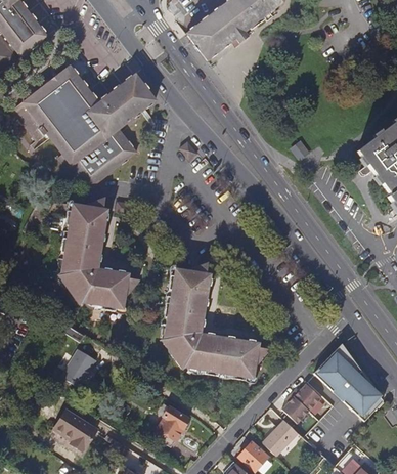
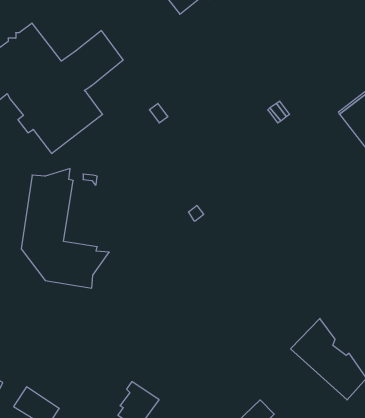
building: [160,263,271,380] -> none
building: [63,345,99,384] -> none
building: [283,380,329,420] -> none

